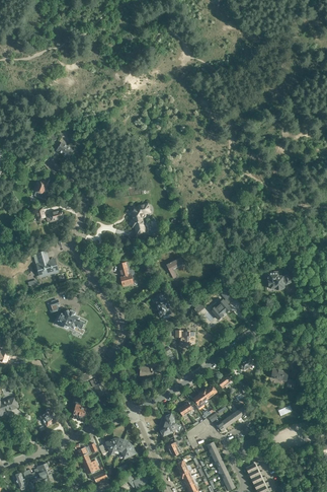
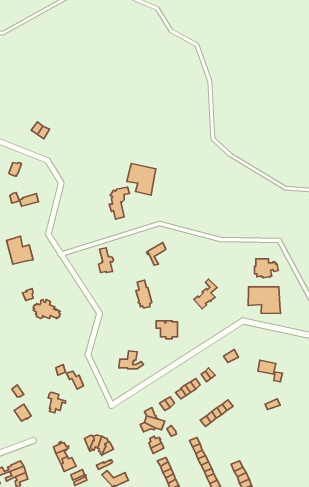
building: none -> [127,163,156,195]
building: none -> [248,287,280,314]

